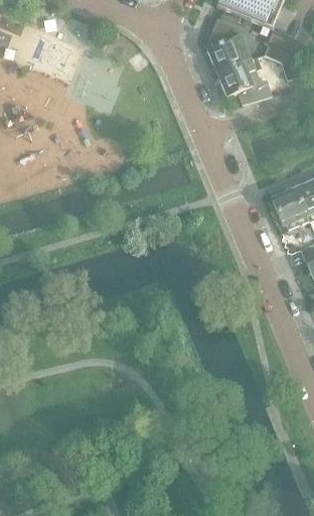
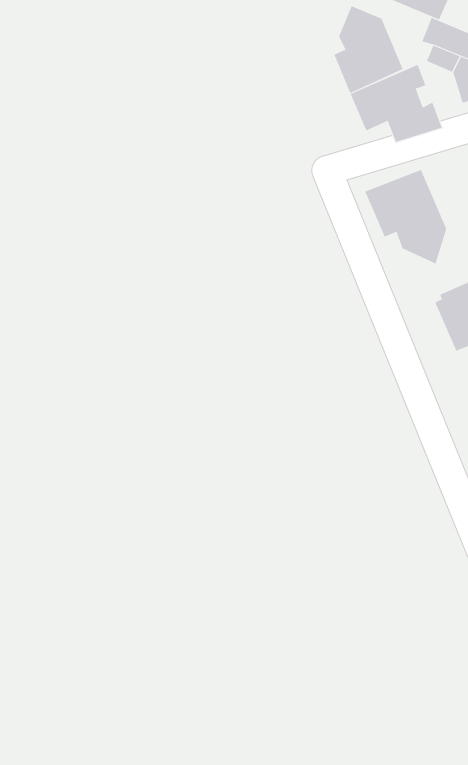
building: none -> [365,169,447,265]

